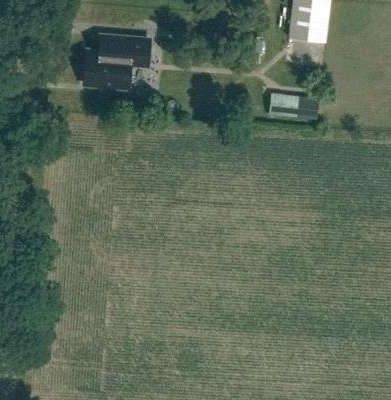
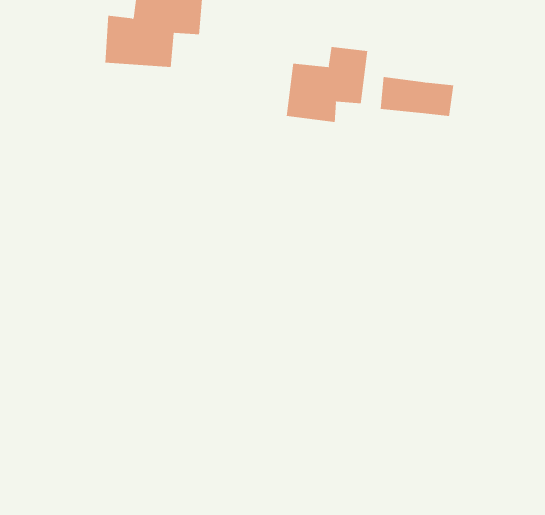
building: none -> [286,46,368,123]

